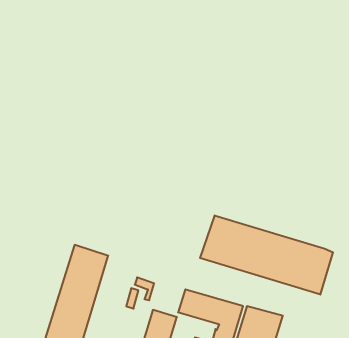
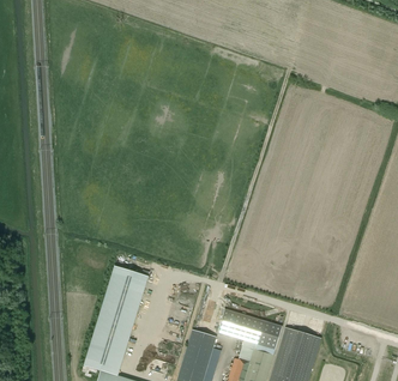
building: [200,215,333,295] -> none

